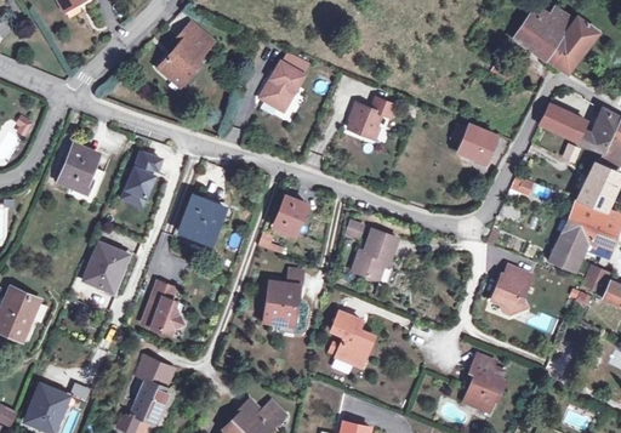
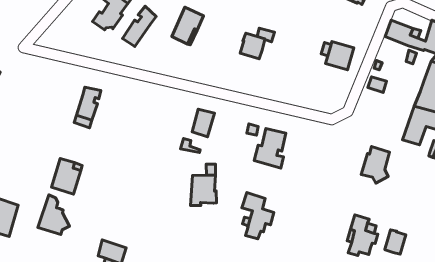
building: none -> [123,6,156,47]
building: [59,143,106,204] -> none
building: [181,194,222,243] -> none
building: [141,278,182,331] -> [38,195,69,234]
building: none -> [385,230,406,254]

